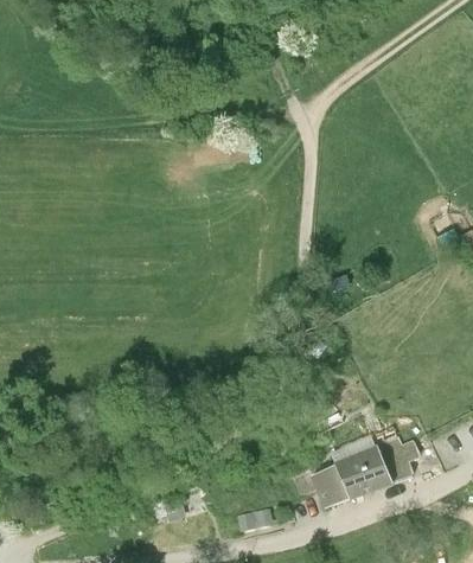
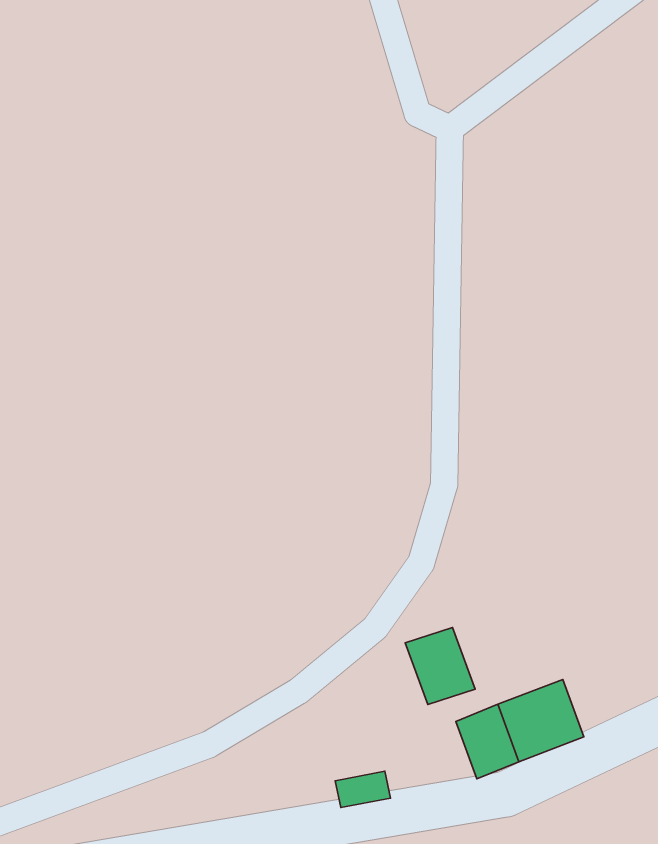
building: none -> [405,627,475,704]
building: [373,433,413,484] -> none

